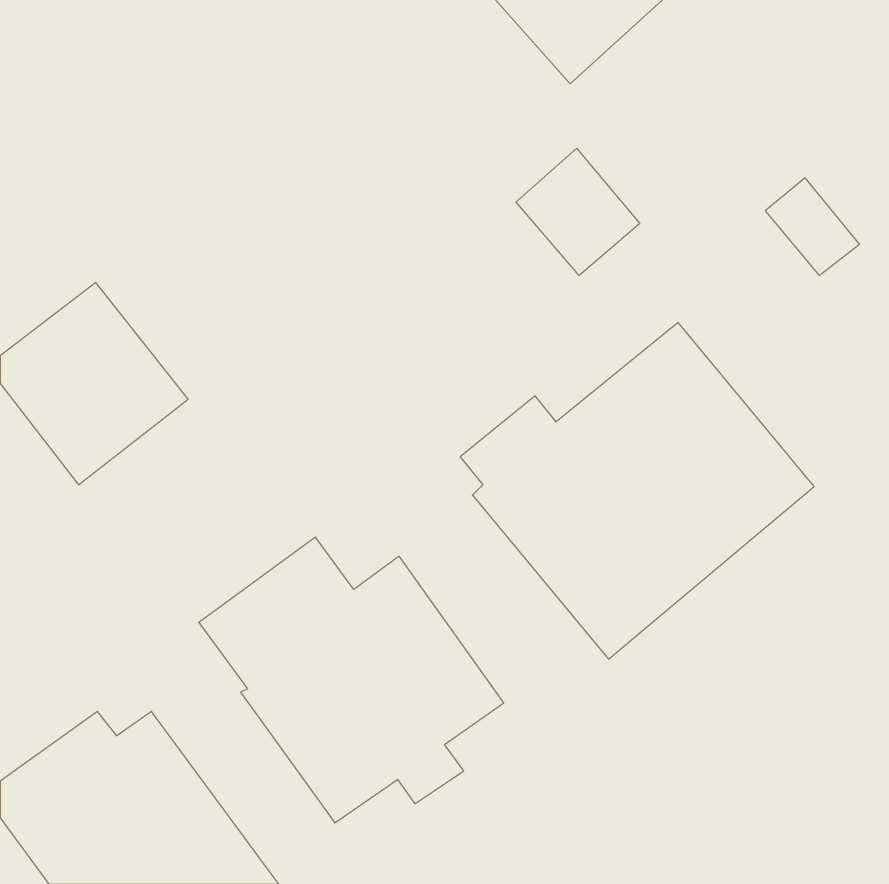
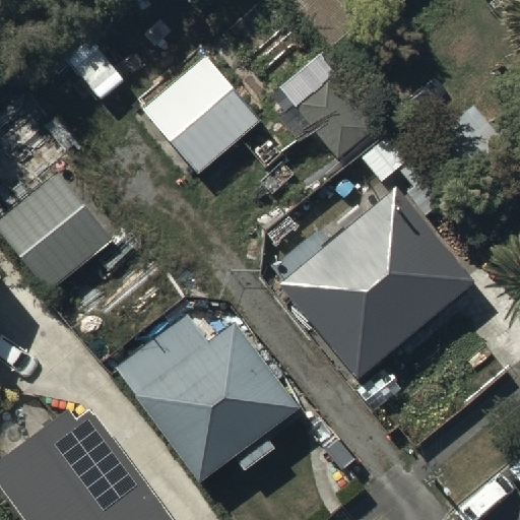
building: none -> [145,35,290,175]

